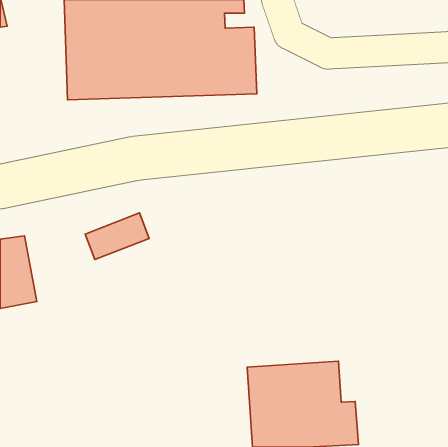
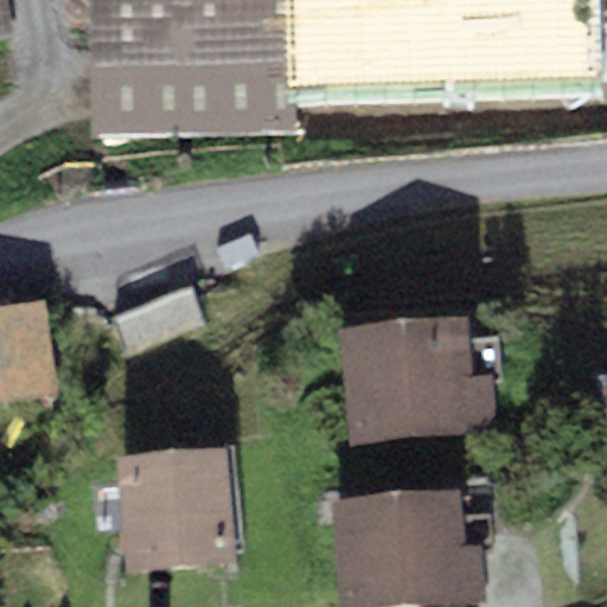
building: none -> [338,315,492,441]
building: none -> [116,446,232,568]

